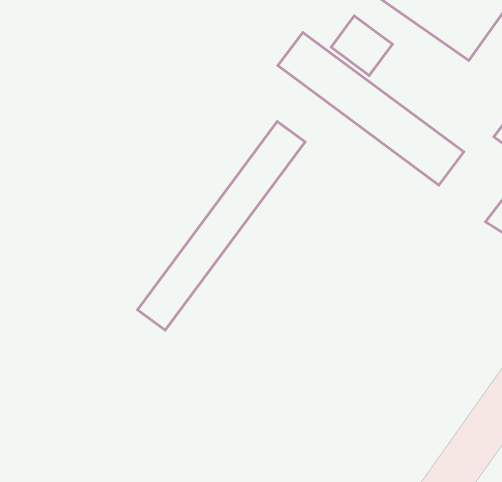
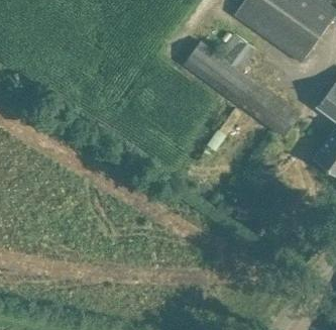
building: [137,122,305,330] -> none

